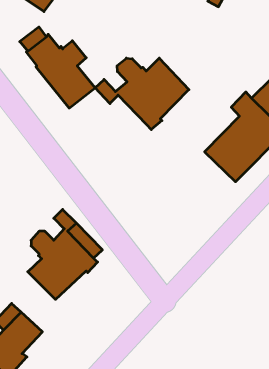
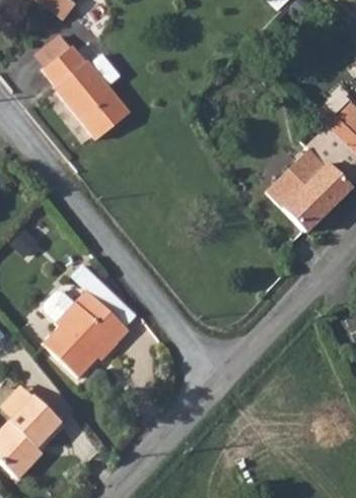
building: [95,58,189,130] -> none

